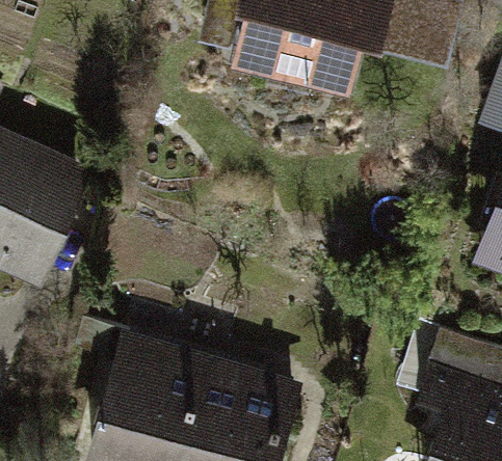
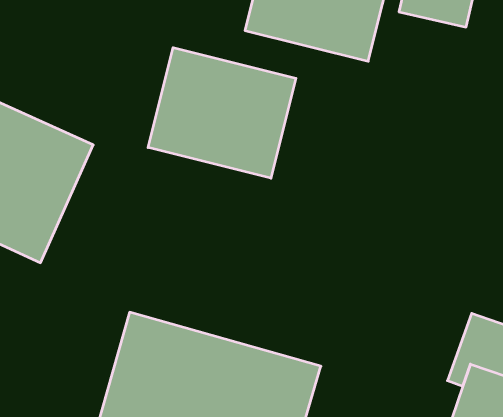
building: none -> [148,48,296,178]

